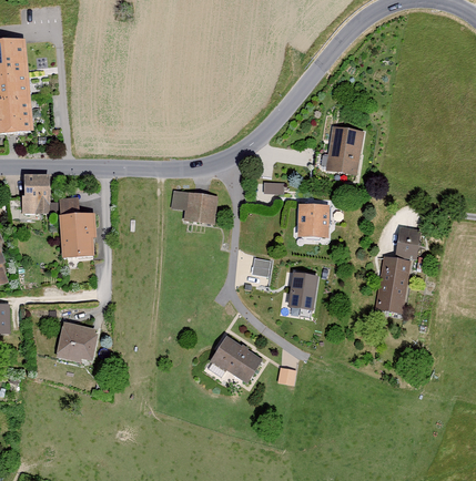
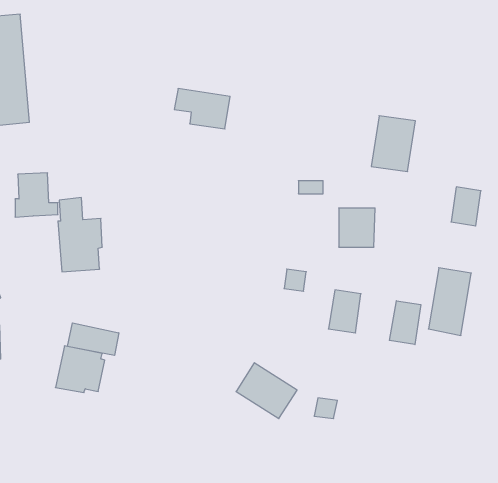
building: [170,190,217,224] -> [174,89,230,129]
building: [395,227,421,260] -> [451,187,481,226]
building: none -> [389,301,421,345]
building: none -> [68,323,119,355]

